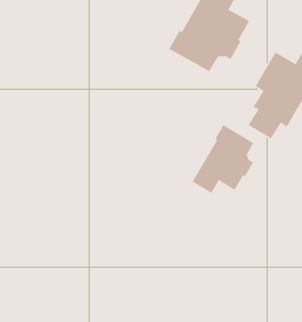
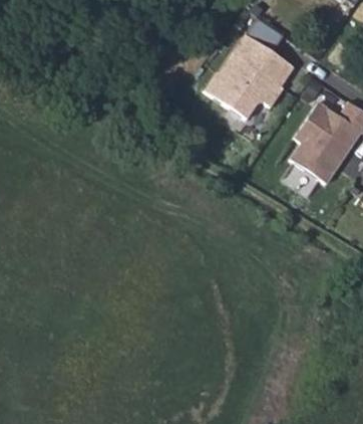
building: [191,124,254,194] -> none

